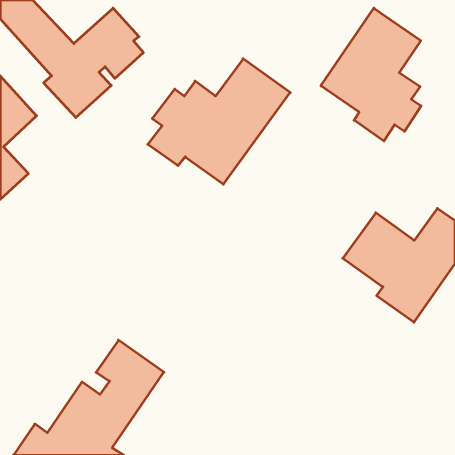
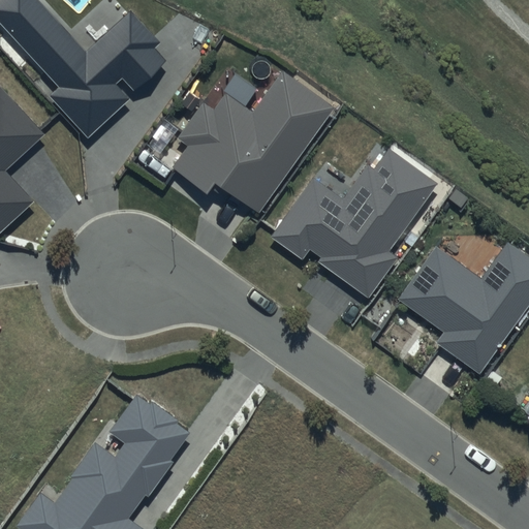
building: [321,8,421,141] -> none
building: none -> [272,150,437,298]

